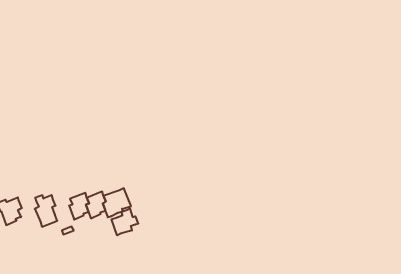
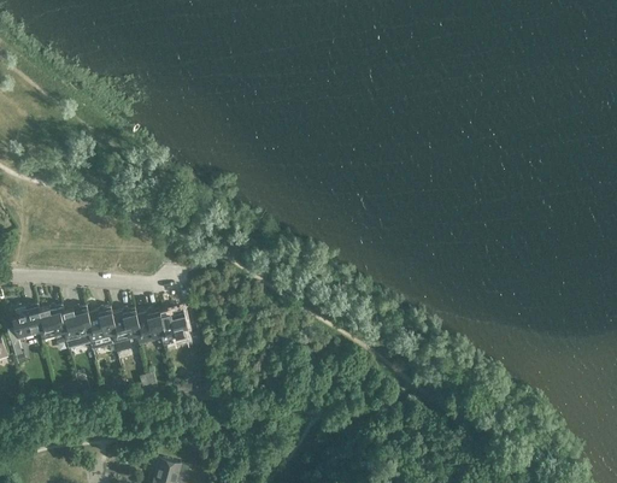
building: none -> [86,306,114,348]
building: none -> [36,302,66,343]
building: [112,209,138,235] -> none

